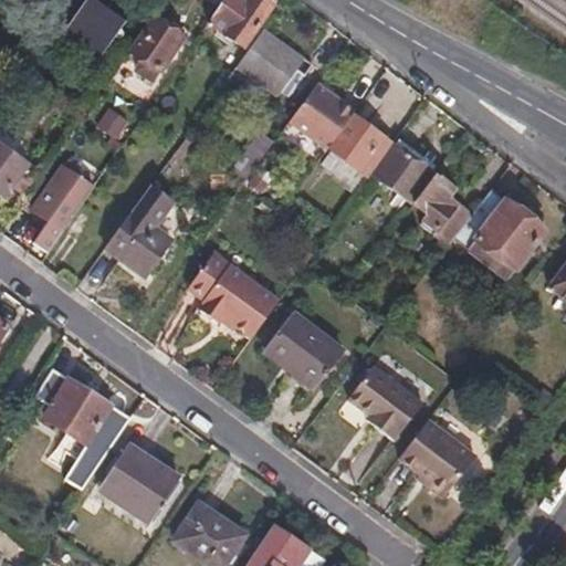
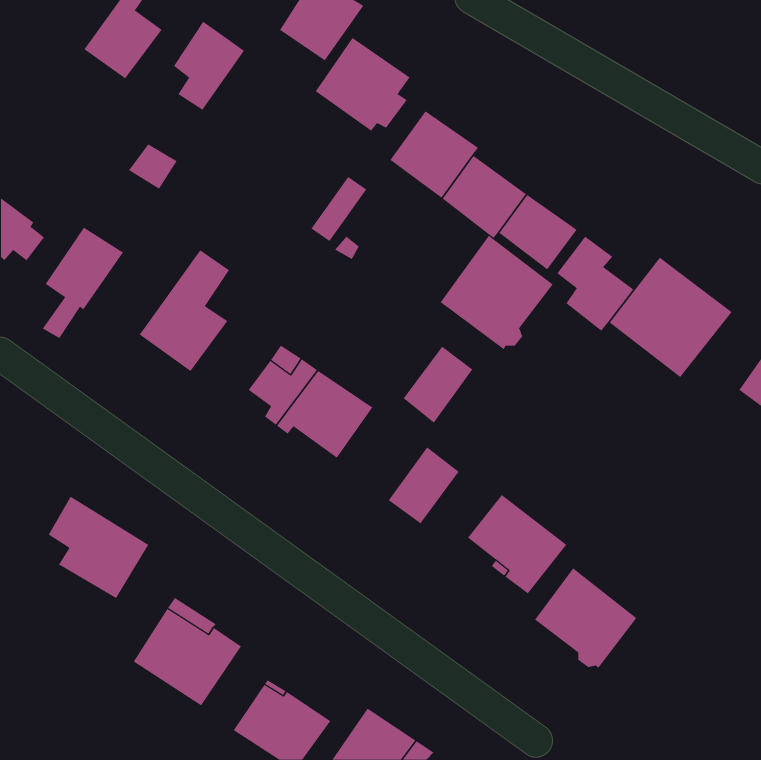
building: none -> [440,235,553,350]
building: [265,313,317,370] -> [403,346,473,423]
building: [65,403,129,488] -> none

